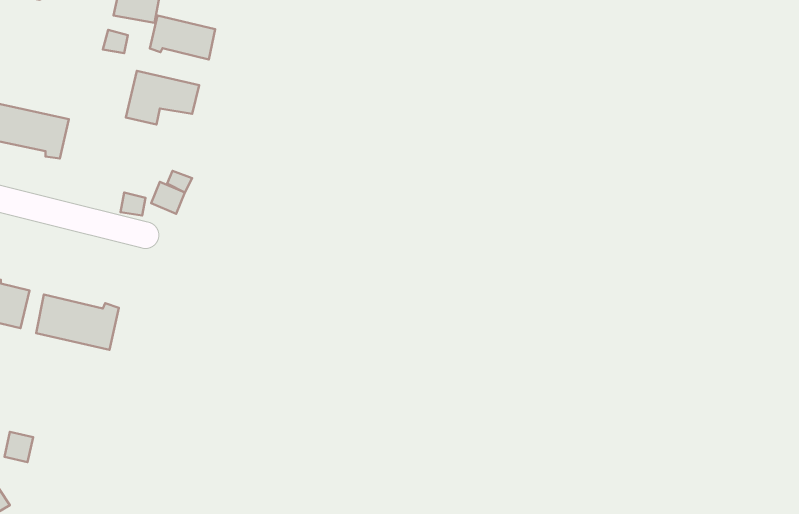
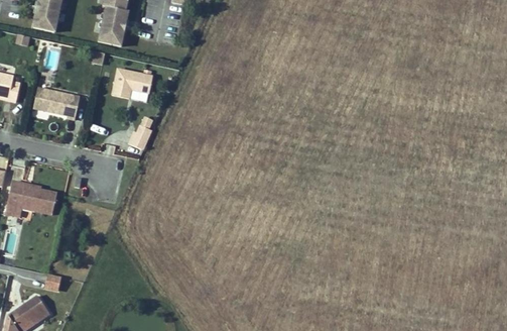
building: [150,15,215,59] -> none
building: [36,294,119,350] -> none

